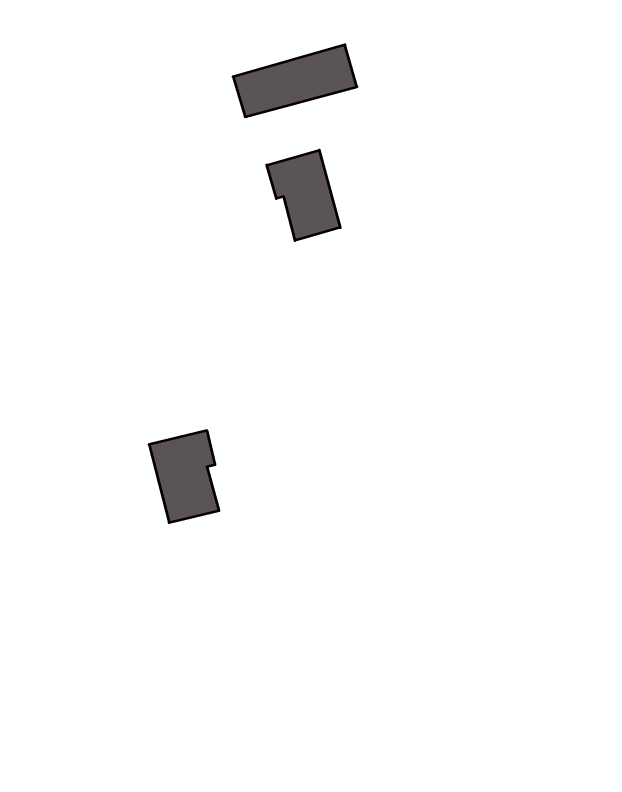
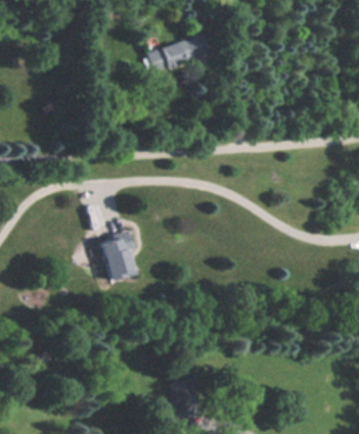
building: [267,150,340,241] -> none

